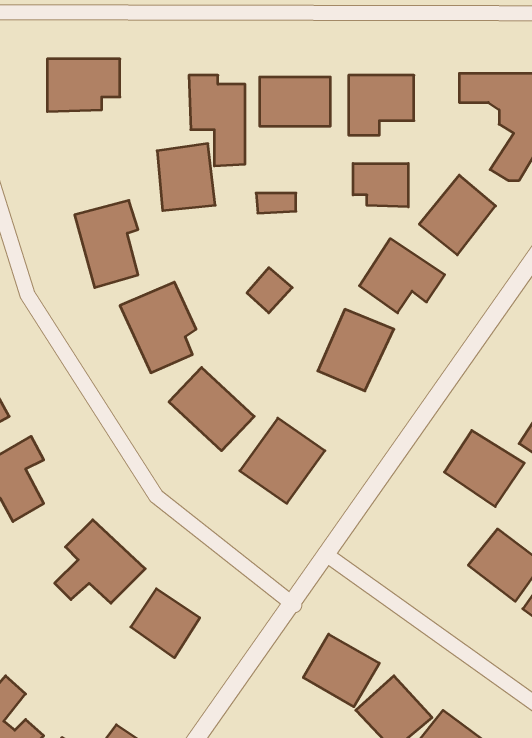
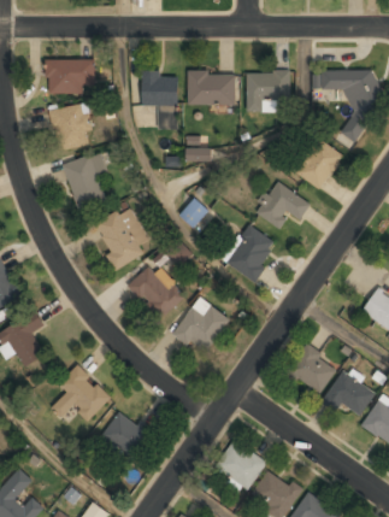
building: [157,144,215,211] -> [51,104,89,148]
building: [353,163,408,207] -> none
building: [444,430,524,507] -> [285,345,338,395]

